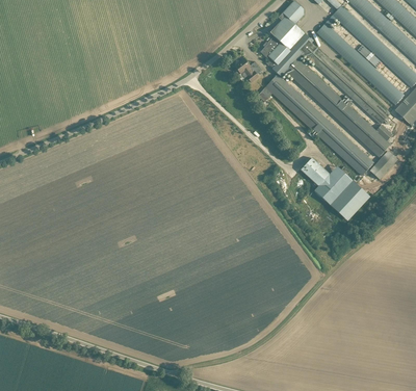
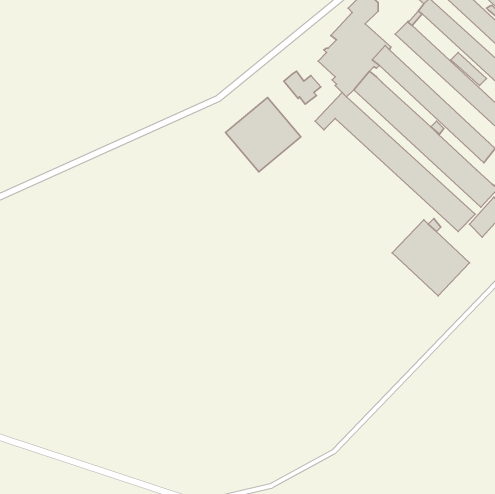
building: none -> [225,97,301,172]
building: [301,157,330,186] -> none

